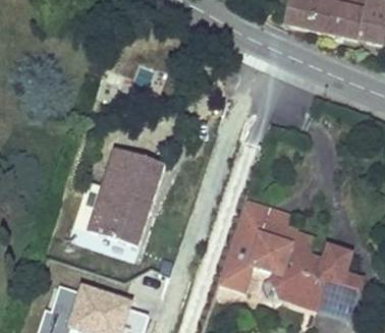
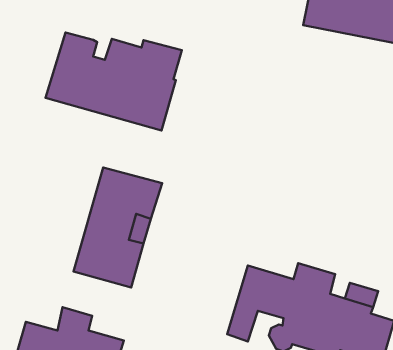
building: none -> [46,32,182,130]
building: [236,205,281,241] -> none

